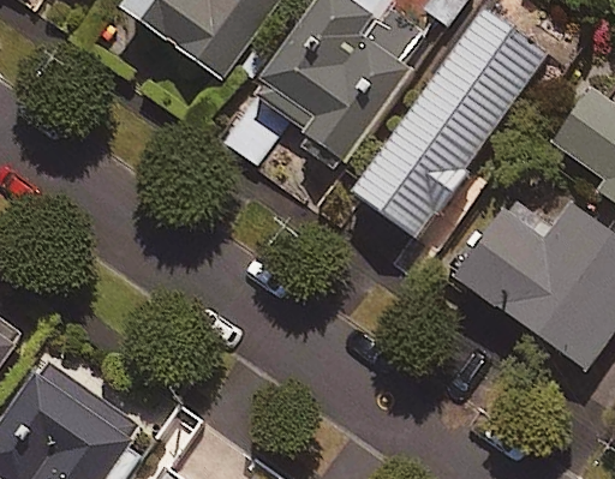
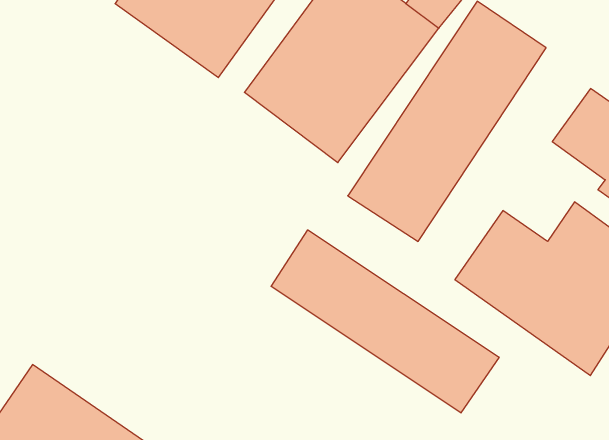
building: none -> [271,230,499,413]

